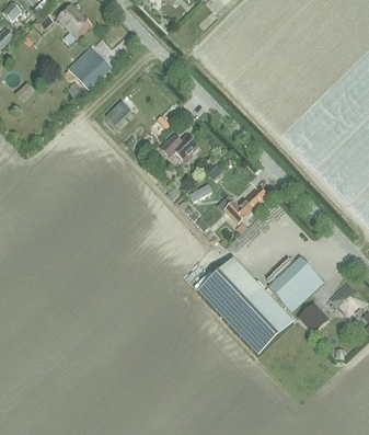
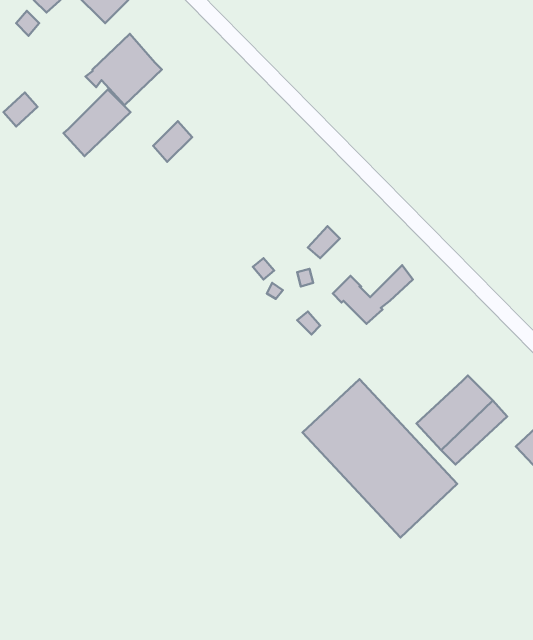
building: none -> [63,89,130,156]
building: [161,134,198,161] -> none
building: [298,301,330,333] -> none

